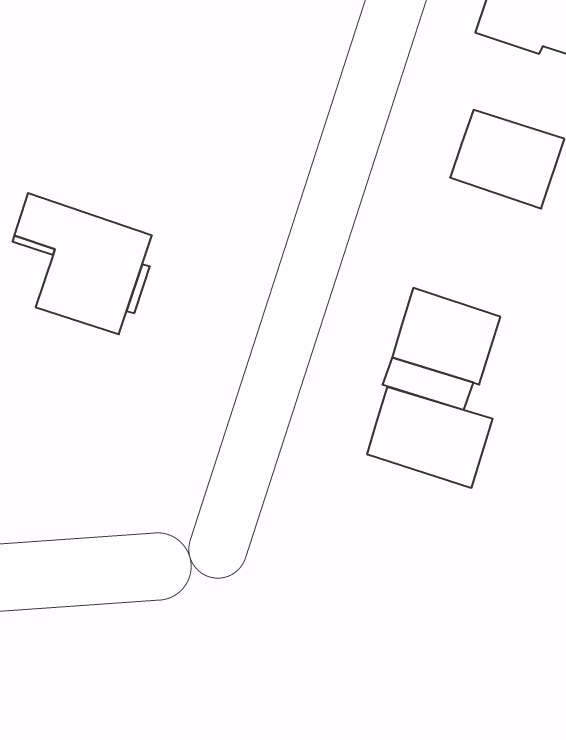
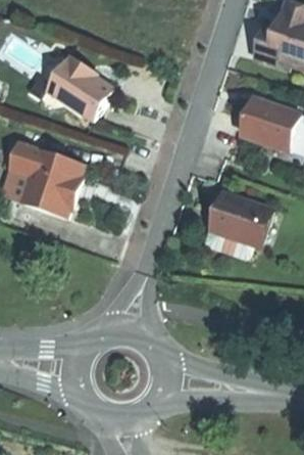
building: none -> [47,55,112,118]
building: [367,387,493,488] -> none

